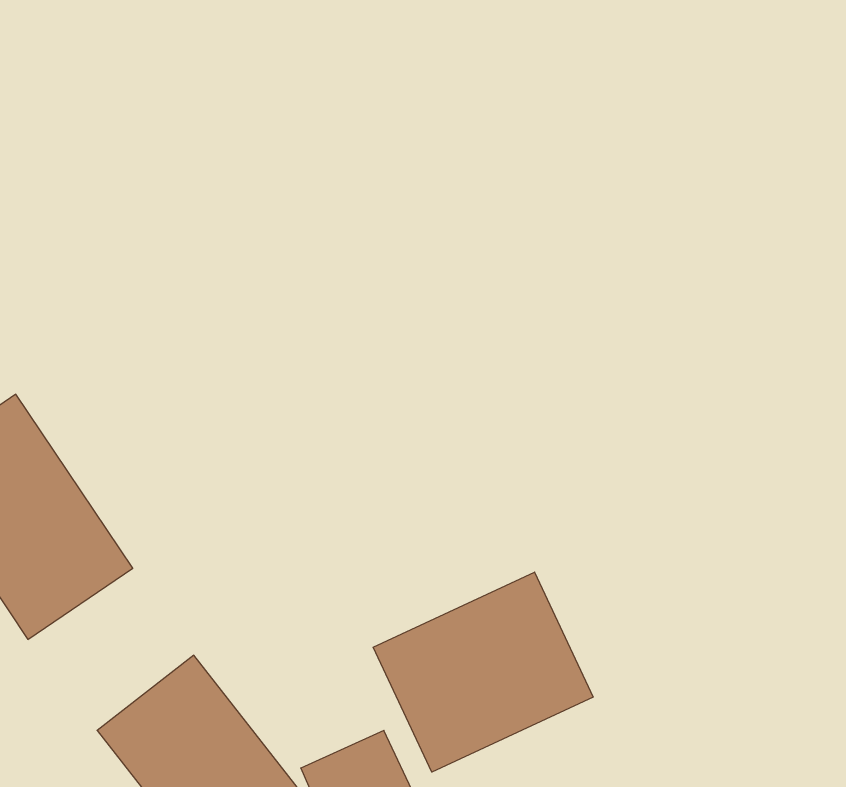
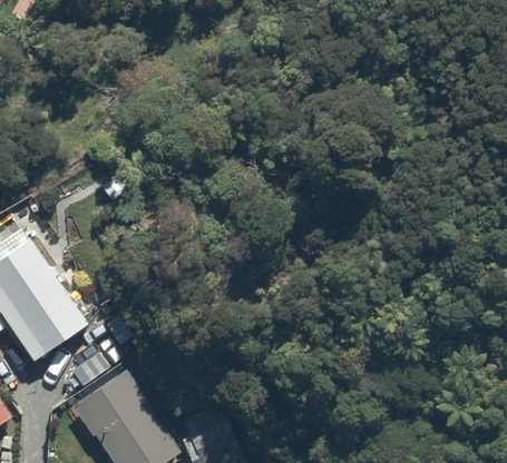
building: [373,572,593,772] -> none

